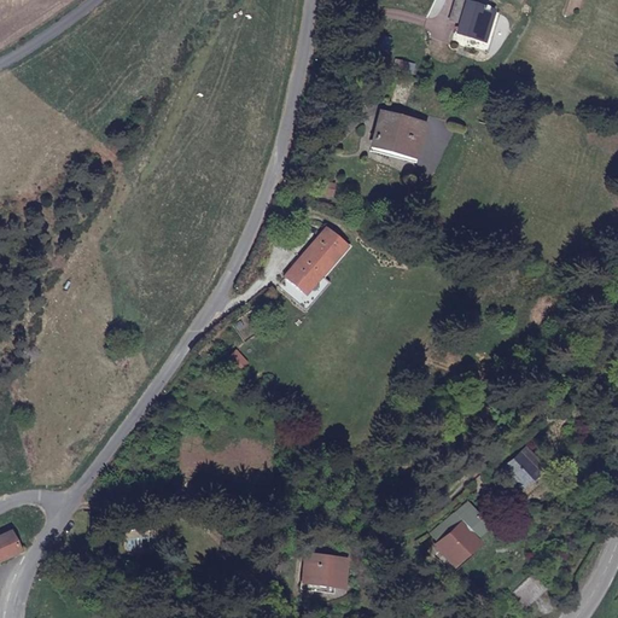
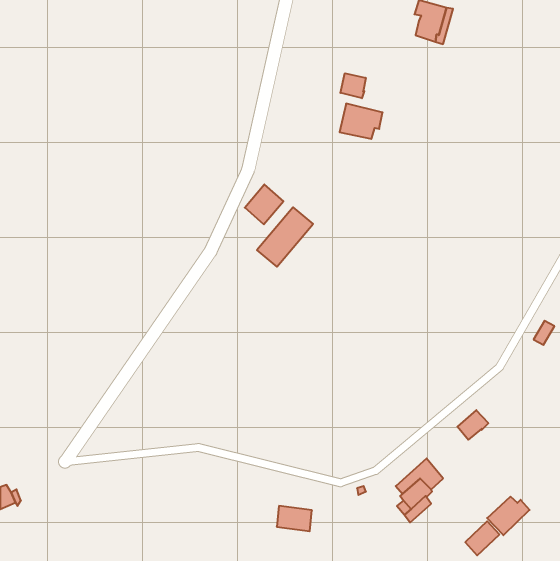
building: none -> [340,73,366,98]
building: none -> [245,184,283,224]
building: none -> [487,497,530,535]

